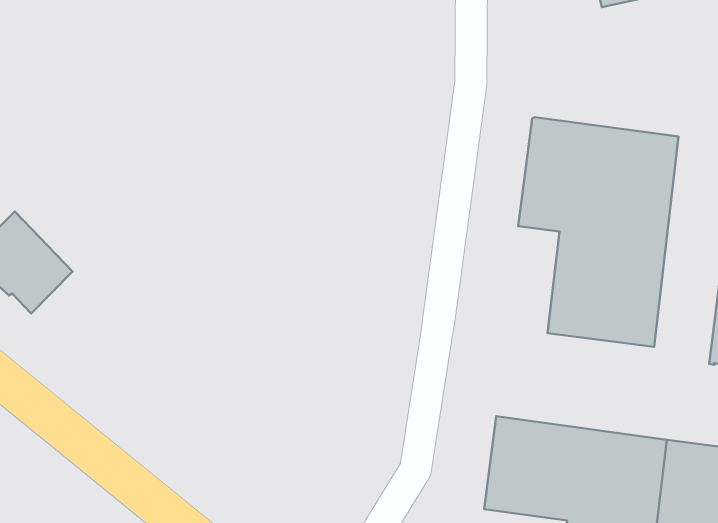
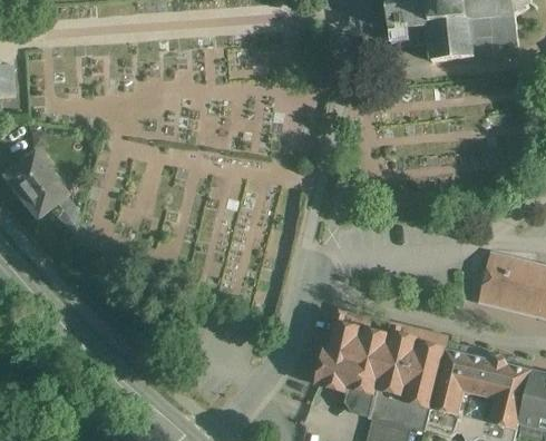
building: [518,117,679,347] -> none

